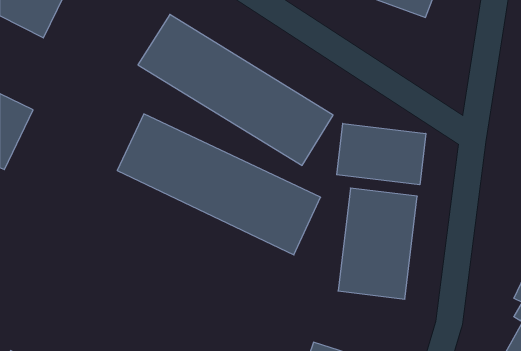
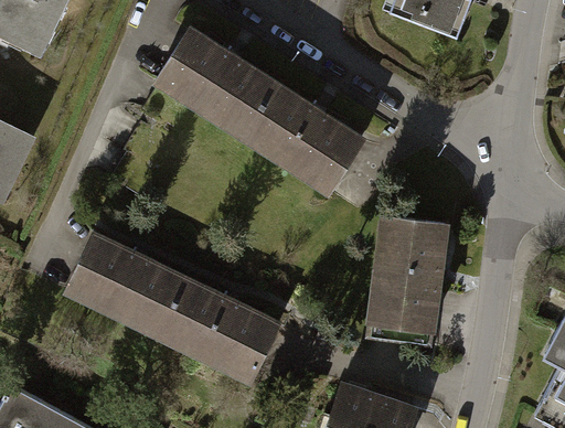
building: [117,114,321,255] -> [57,235,276,386]
building: [337,123,426,185] -> none

